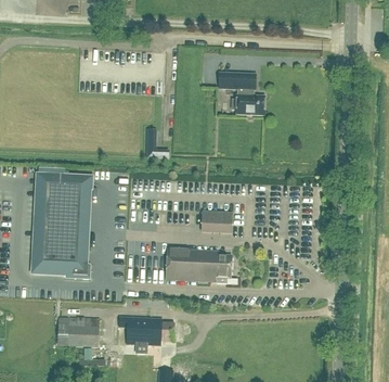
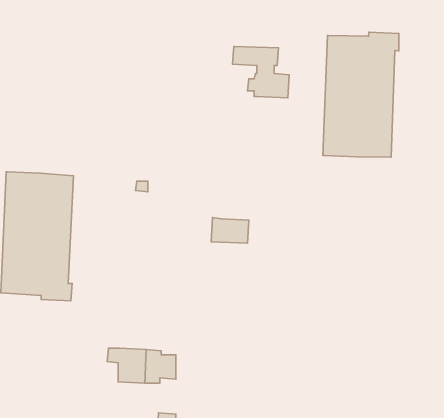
building: none -> [323,32,399,157]
building: [165,246,231,282] -> none
building: [66,315,99,345] -> none

